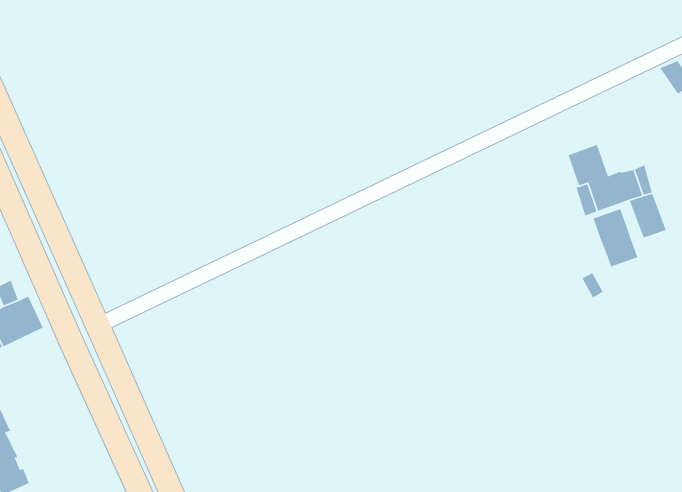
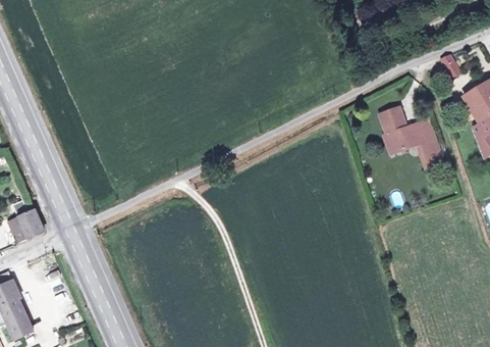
building: [593,208,639,267] -> none

